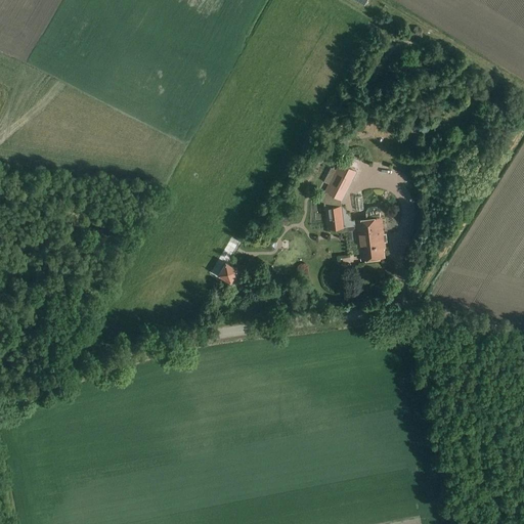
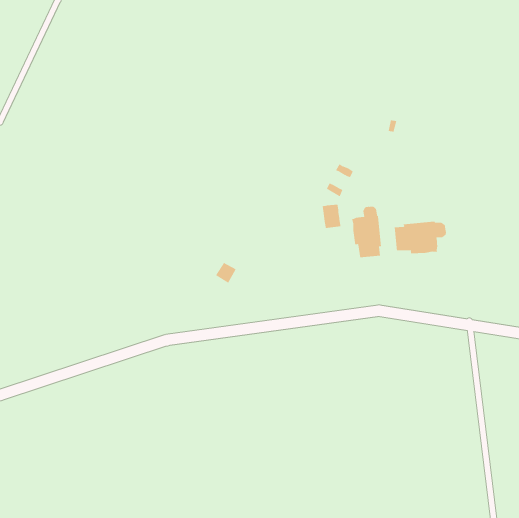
building: none -> [394,221,446,254]

